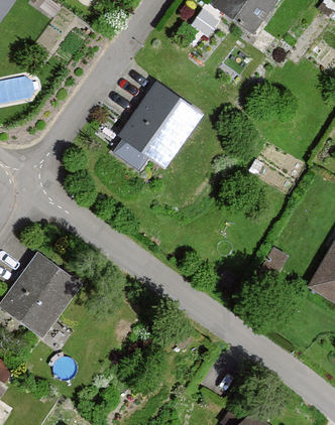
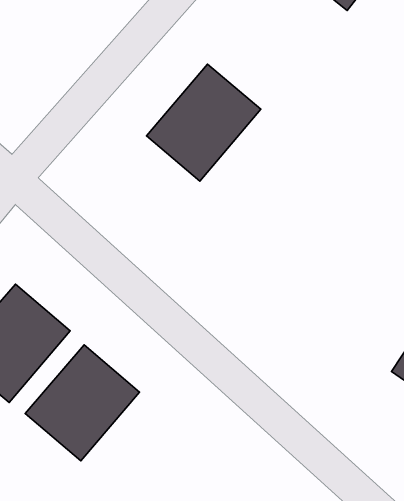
building: none -> [25,345,140,461]

